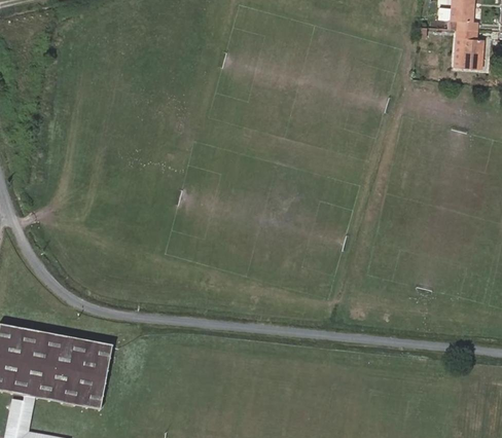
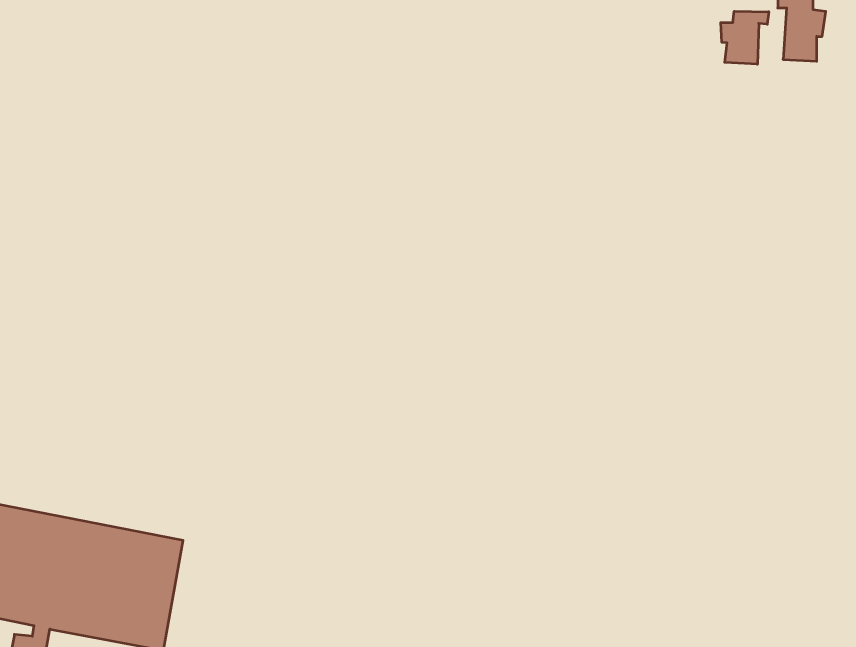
building: none -> [721,11,769,64]

